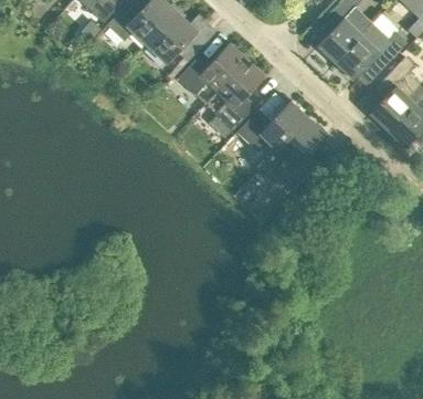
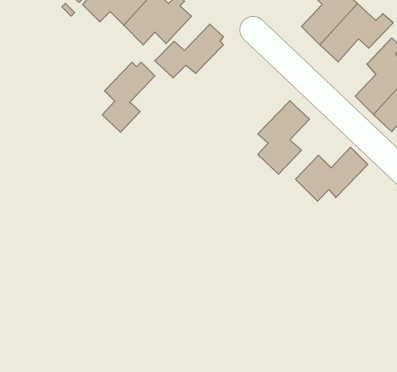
building: [214,63,265,130] -> [102,62,155,132]
building: [237,101,307,153] -> [296,147,368,201]

